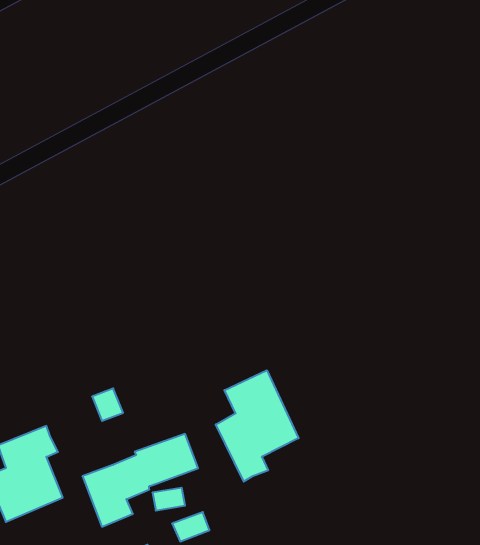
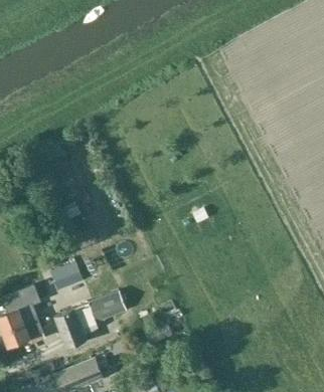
building: [216,370,299,482] -> none

